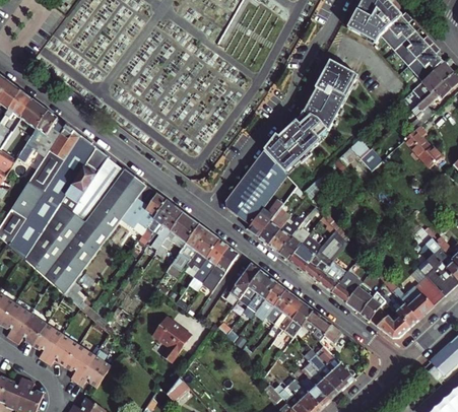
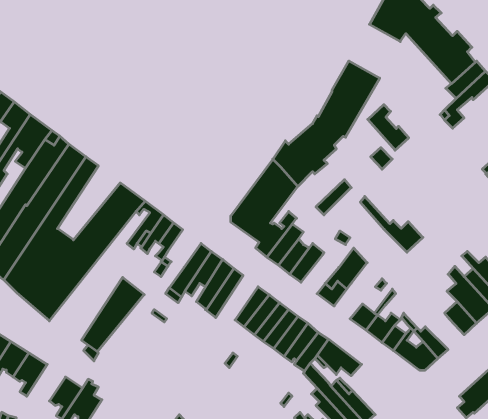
building: [406,126,443,166] -> [368,105,409,150]
building: [71,156,127,222] -> [82,277,144,352]
building: [170,213,199,247] -> none
building: [288,235,322,270] -> none
building: [318,261,348,292] -> none
building: [378,270,434,320] -> [360,196,423,252]
building: [153,316,191,361] -> none
building: [44,333,78,365] -> none

